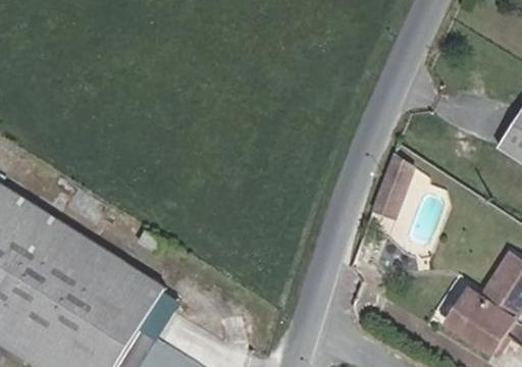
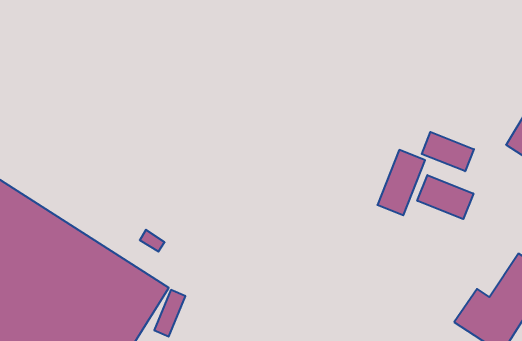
building: none -> [422,132,474,171]
building: none -> [417,175,473,219]

